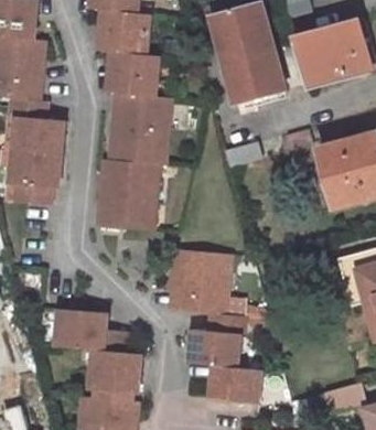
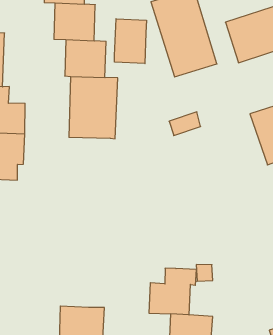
building: none -> [114,19,146,64]
building: [98,159,157,229] -> none
building: [170,250,229,314] -> none
building: [54,308,125,353] -> none

